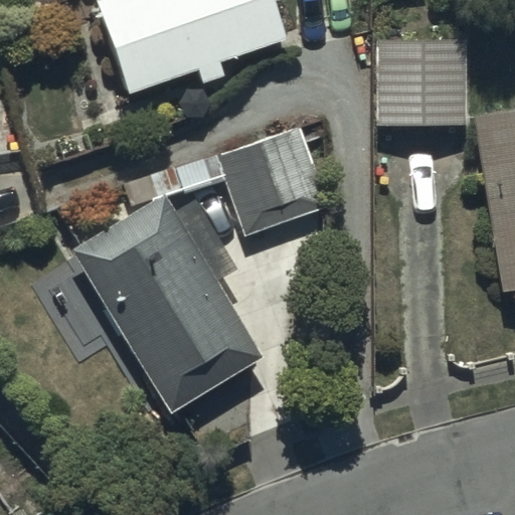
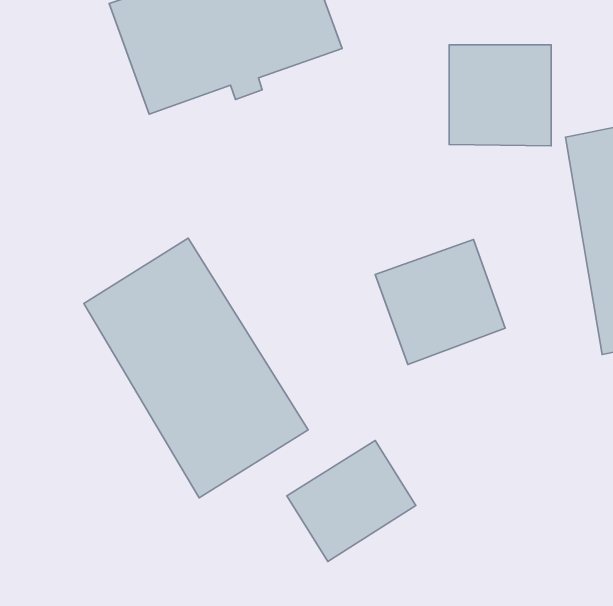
building: [218,130,326,233] -> [375,239,505,365]
building: none -> [287,440,416,562]

